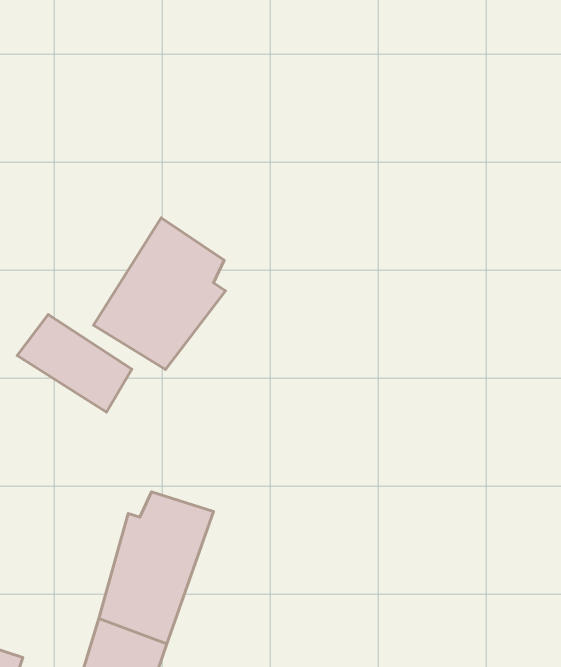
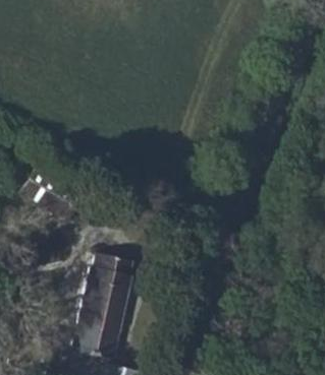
building: [94,218,225,369] -> none

